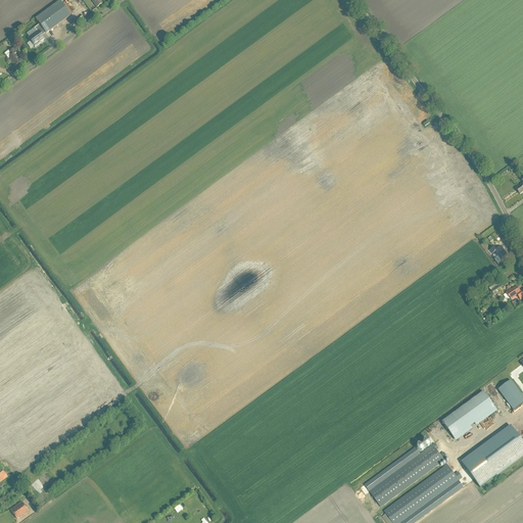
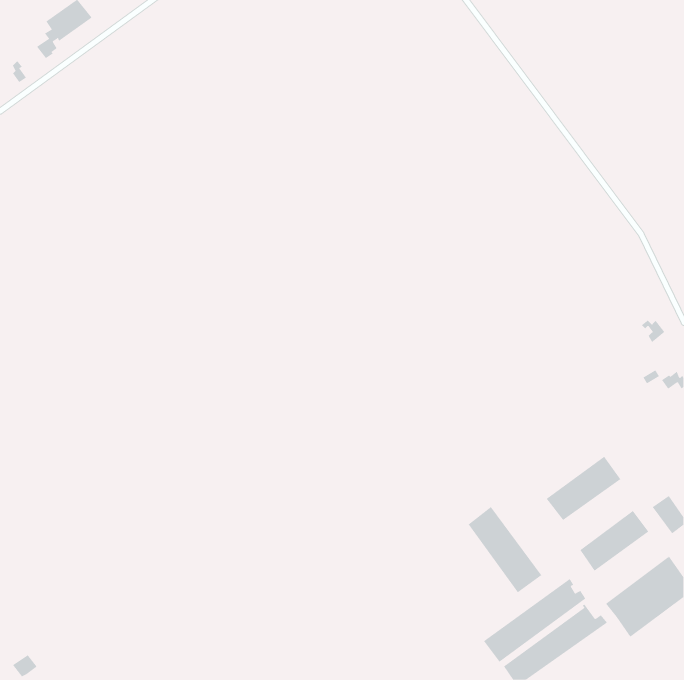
building: none -> [546,456,621,521]
building: none -> [468,506,542,593]

